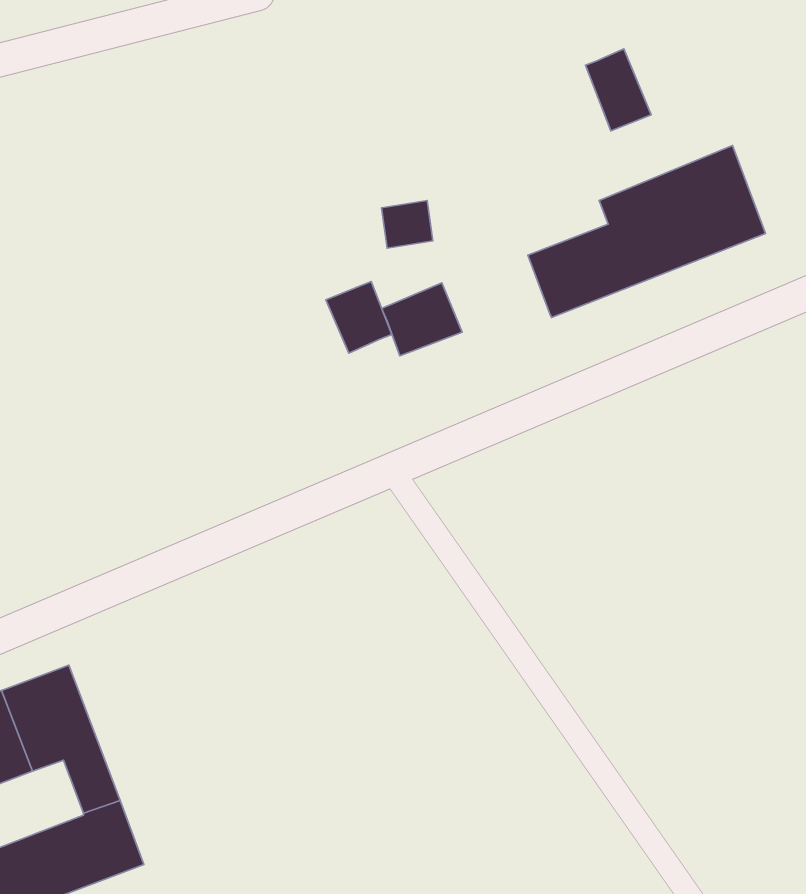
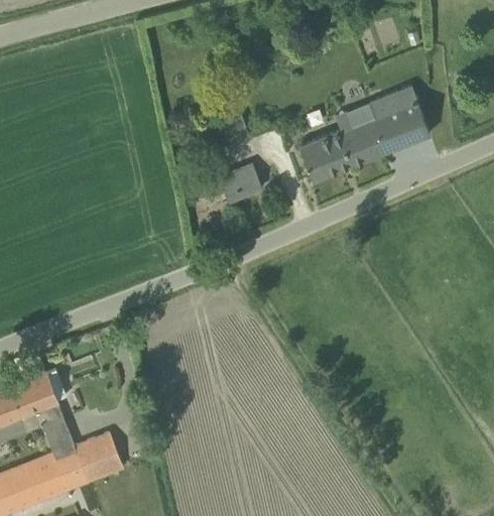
building: [586,49,651,131] -> none
building: [326,281,392,353] -> none
building: none -> [74,433,121,482]

